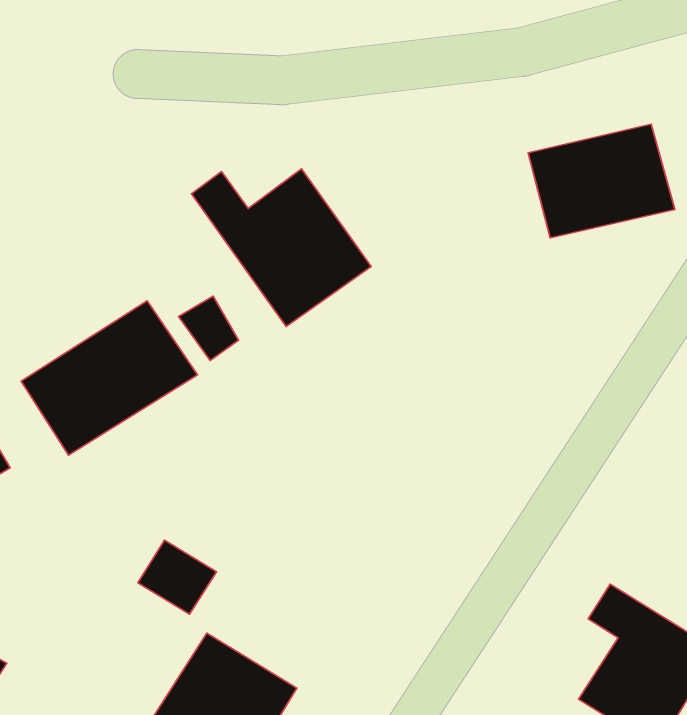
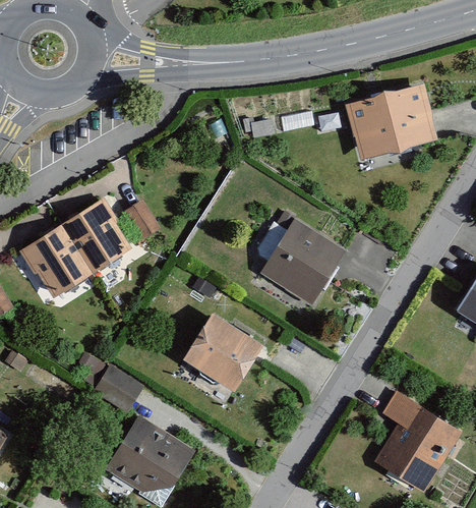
building: [191,169,371,326] -> none
building: none -> [257,218,346,305]
building: none -> [183,315,264,398]

